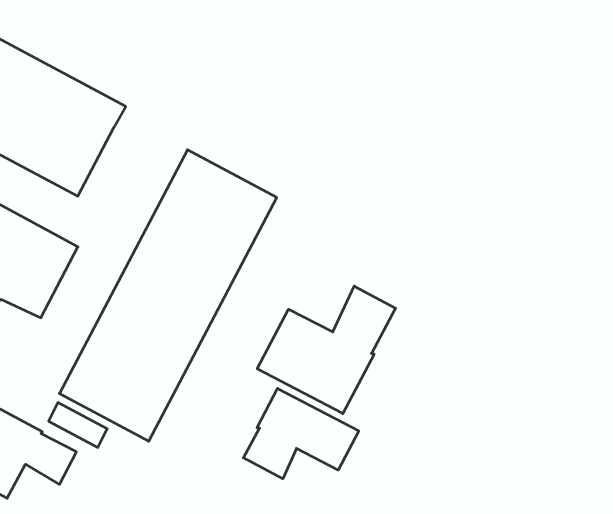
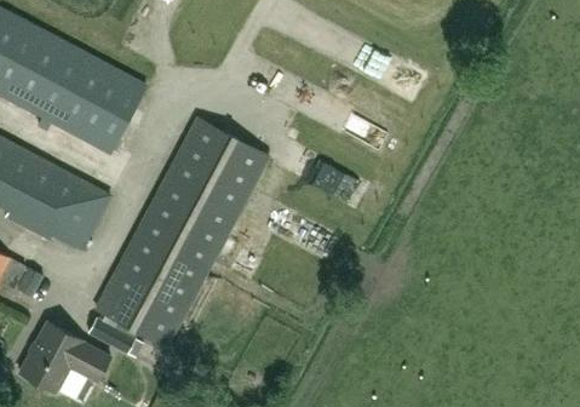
building: [257,286,396,414] -> none
building: [243,388,359,479] -> none

